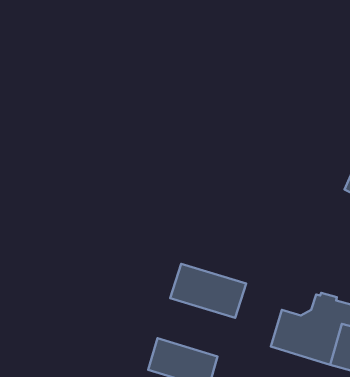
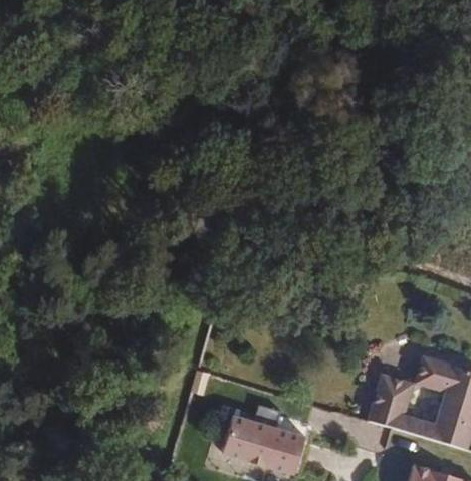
building: [170,264,246,318] -> none

